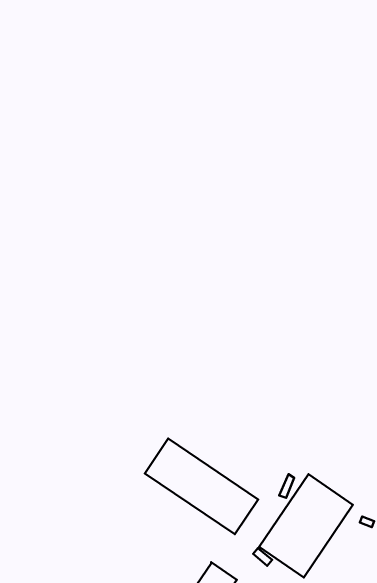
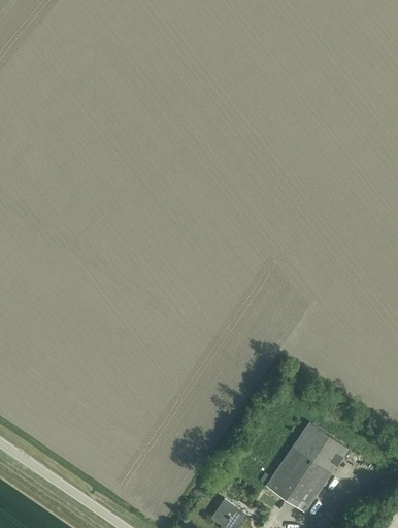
building: [145,439,258,534] -> none

